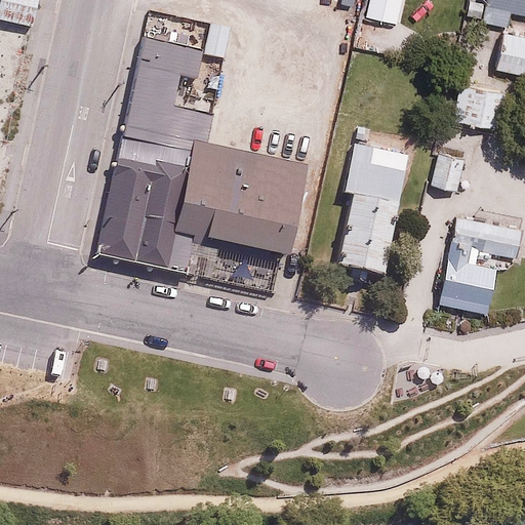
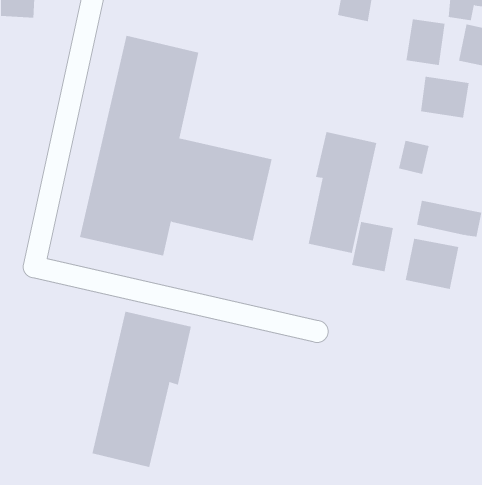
building: none -> [406,18,445,66]
building: none -> [351,221,394,272]
building: none -> [92,311,191,468]

